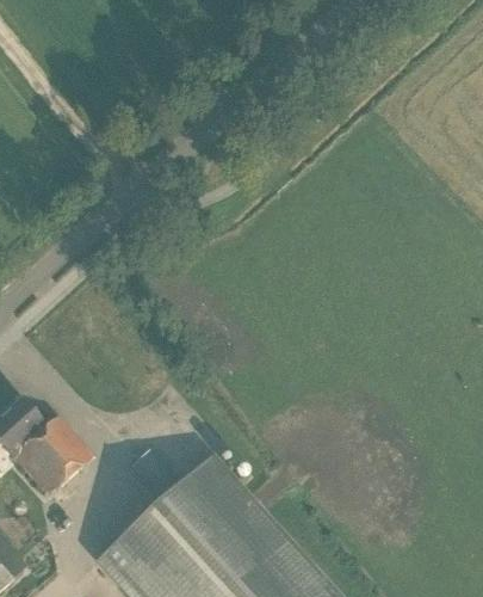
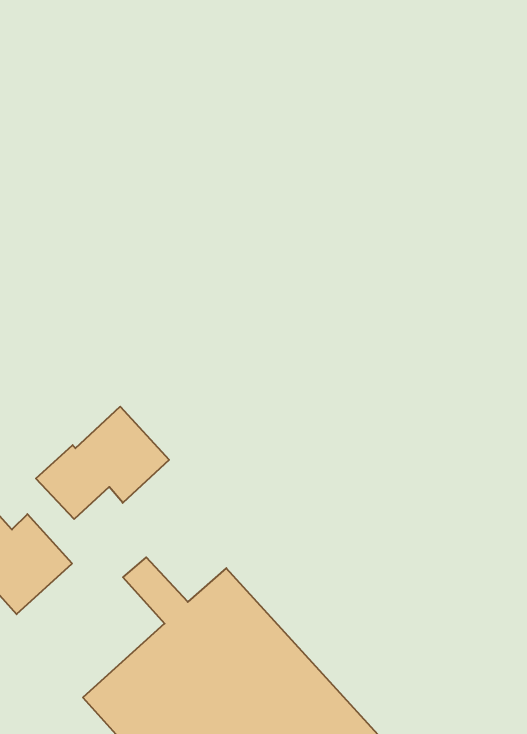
building: none -> [36,407,169,519]

